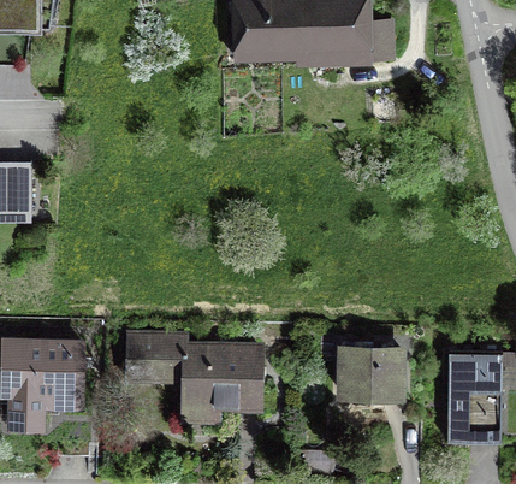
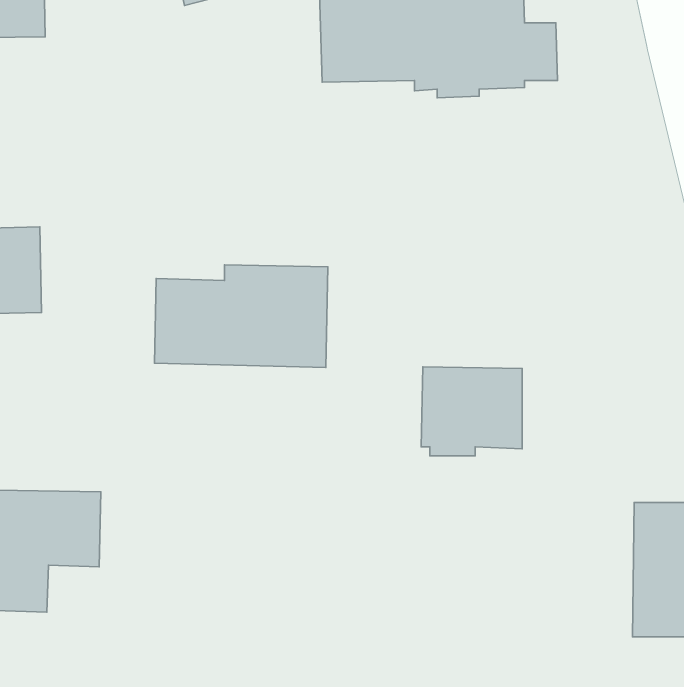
building: none -> [154,265,328,367]
building: [127,338,261,407] -> none
building: [336,343,405,405] -> [421,367,522,456]

